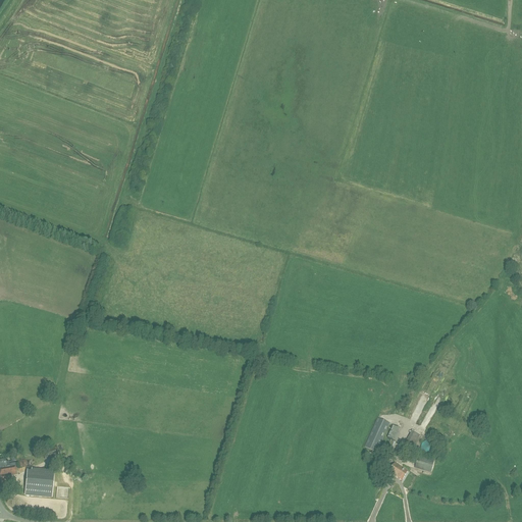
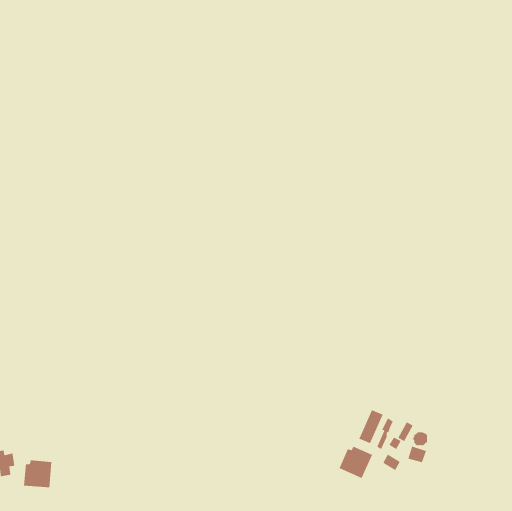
building: none -> [339,446,373,479]

